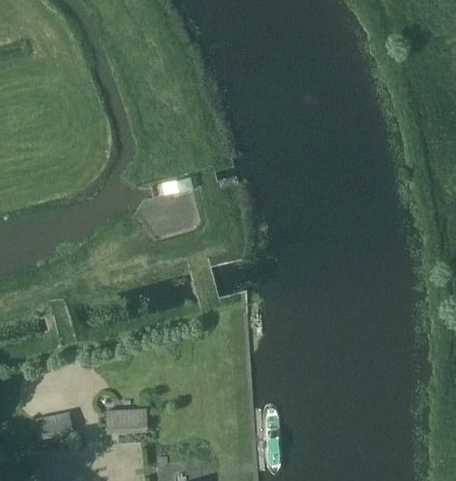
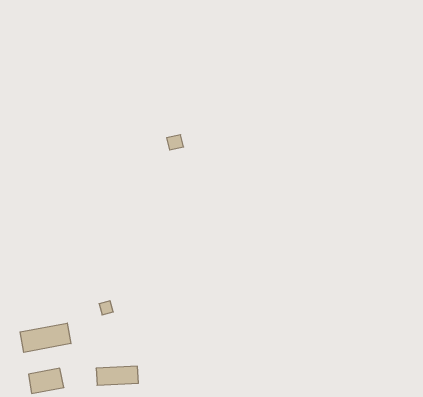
building: none -> [20,323,71,352]

